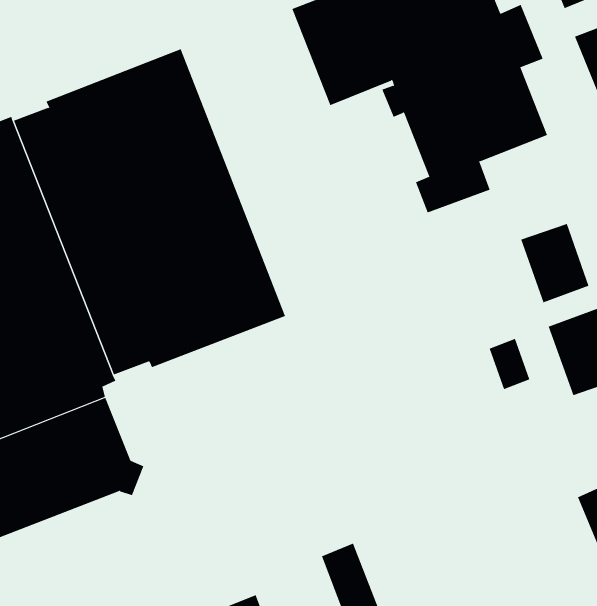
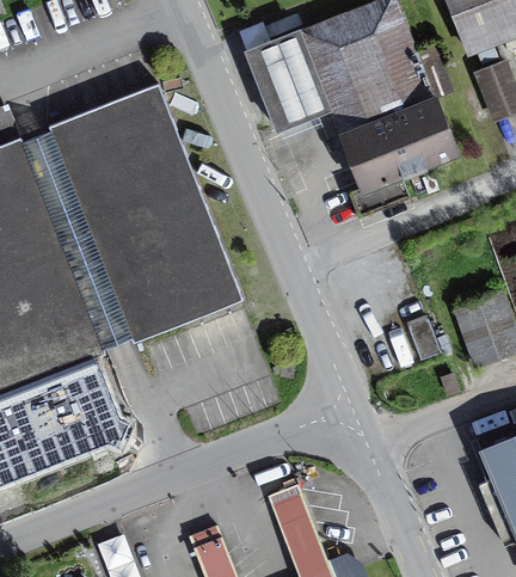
building: [520,223,589,303] -> none

